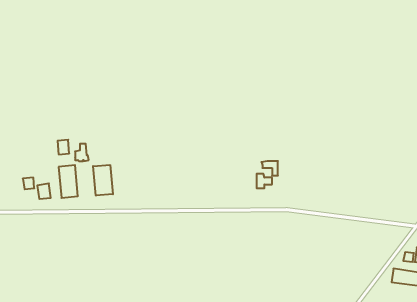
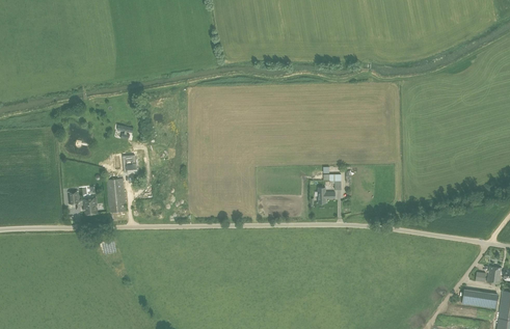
building: [93,165,113,196] -> none

